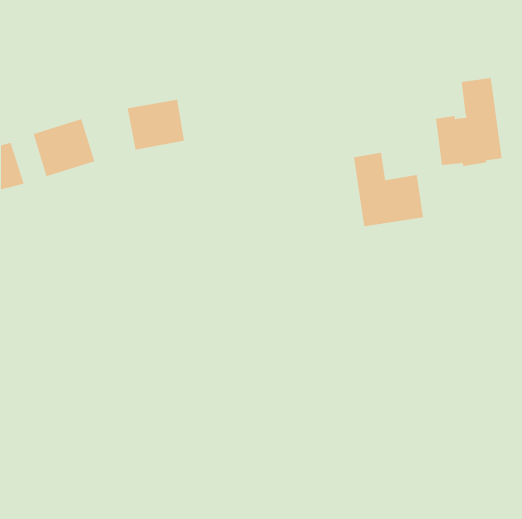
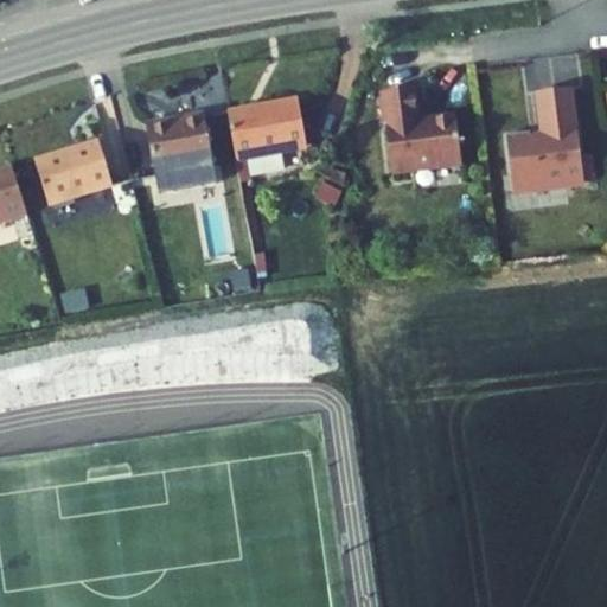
building: none -> [231,96,311,159]
building: [353,152,424,227] -> [378,87,460,173]

